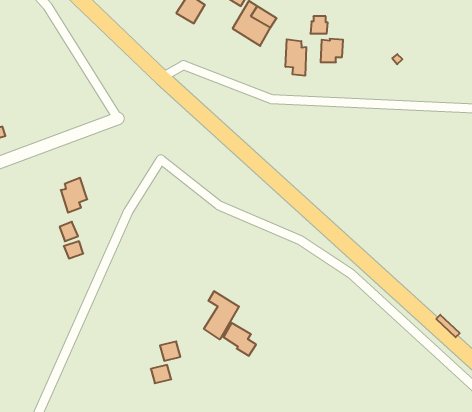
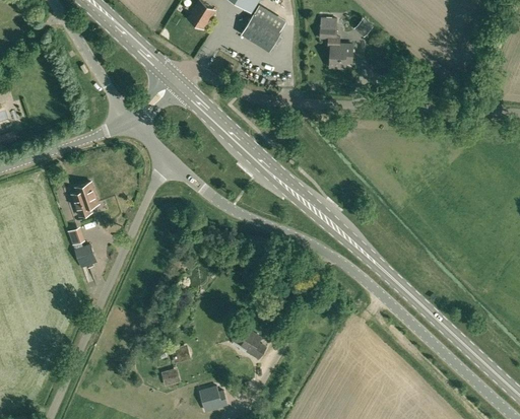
building: [286,39,306,76] -> none
building: [204,291,239,339] -> none
building: none -> [199,386,226,410]

